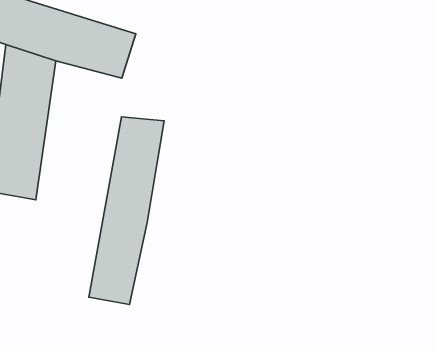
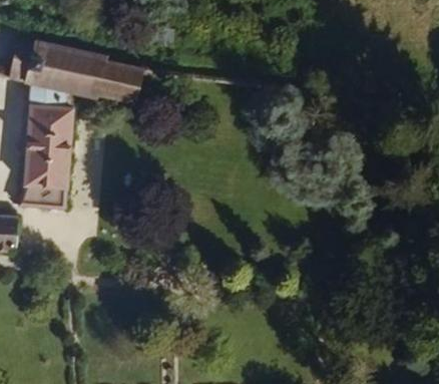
building: [89,117,164,304] -> none

